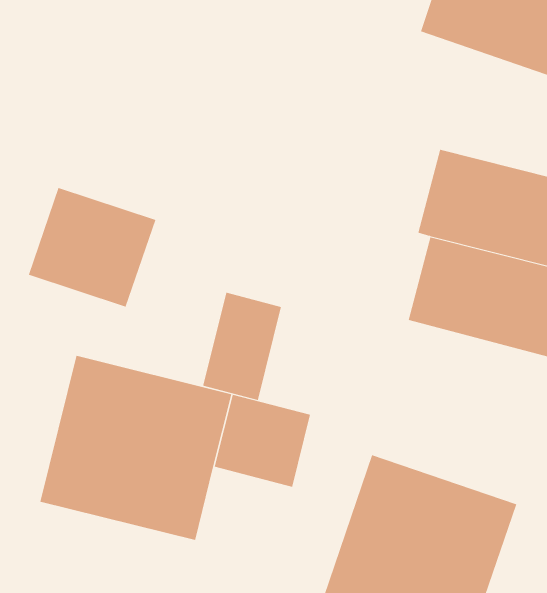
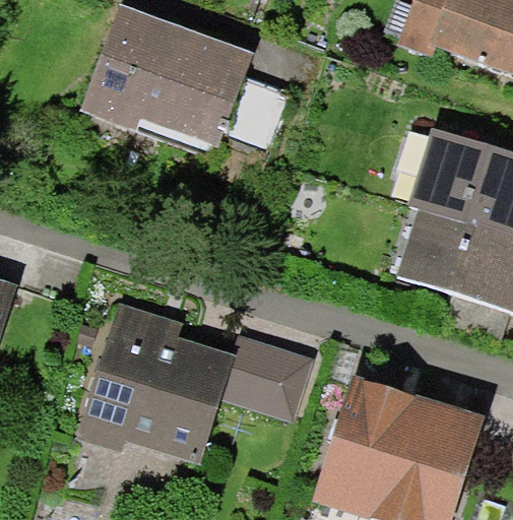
building: none -> [87,15,259,155]
building: [28,187,156,307] -> none
building: [203,292,282,401] -> none

